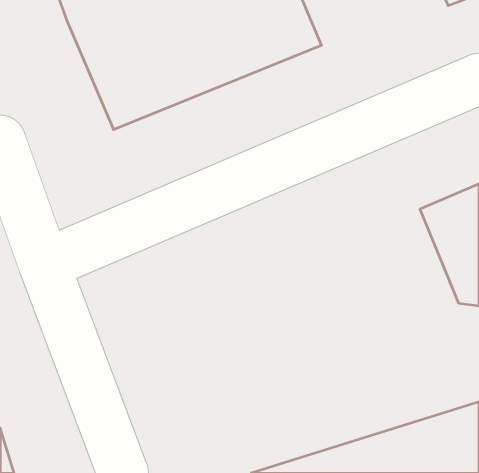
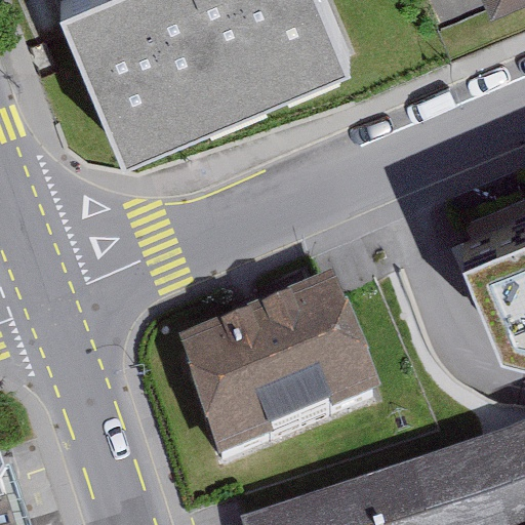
building: none -> [175,292,375,458]

